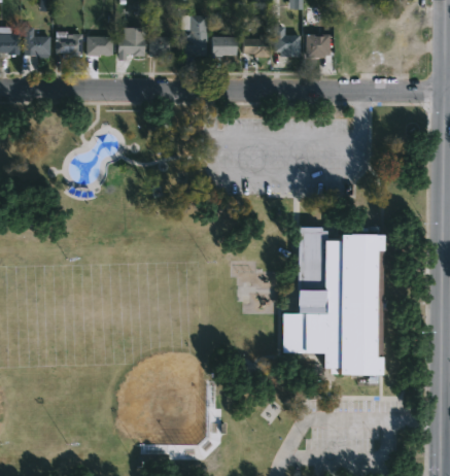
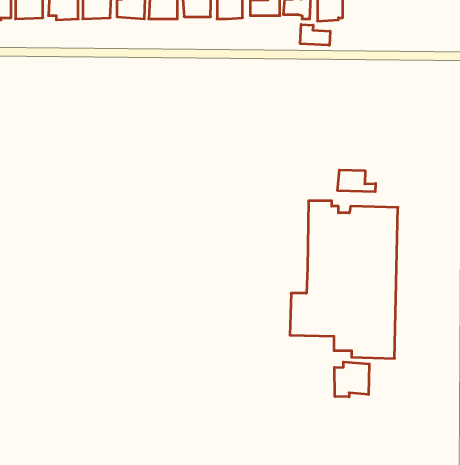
building: none -> [300,24,330,45]
building: none -> [338,170,376,192]
building: none -> [334,362,369,397]

